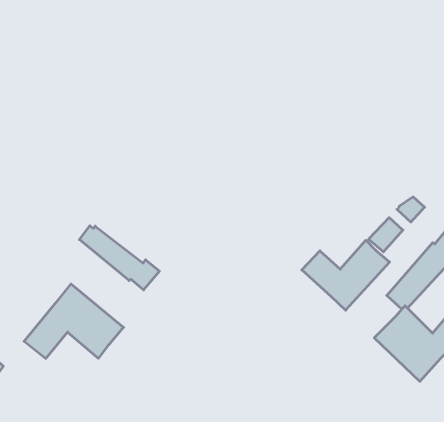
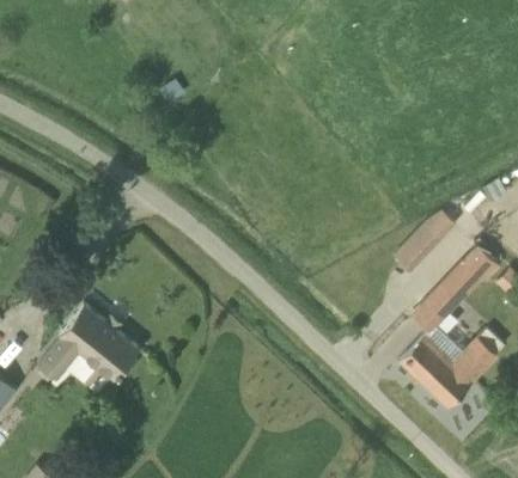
building: [79,226,159,290] -> none
building: [302,240,390,310] -> none

